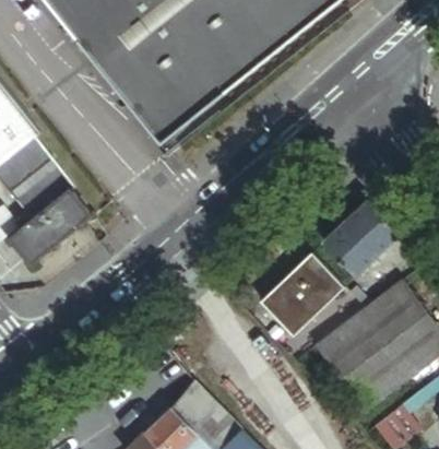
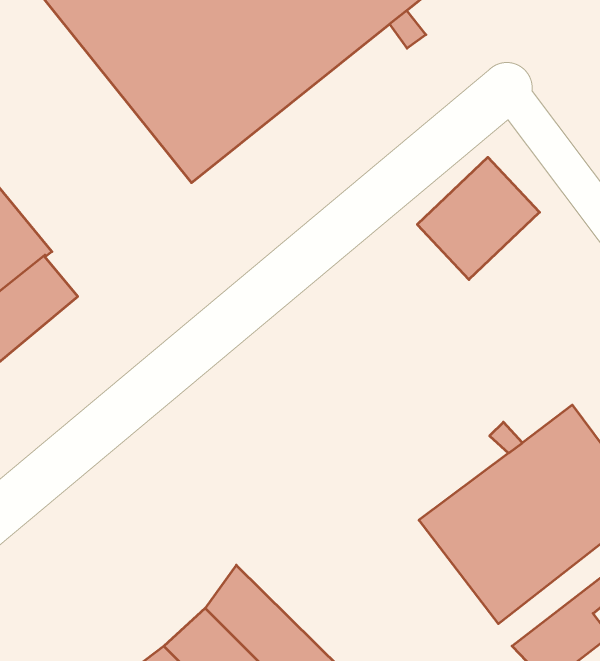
building: [321,200,399,277] -> [417,157,540,280]
building: [258,255,341,336] -> none

